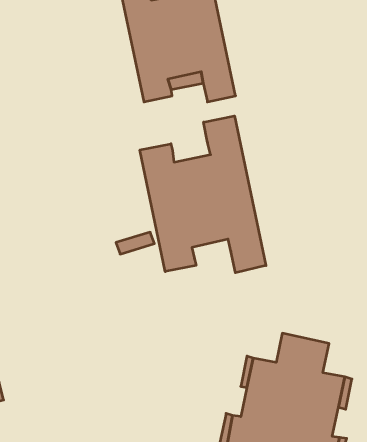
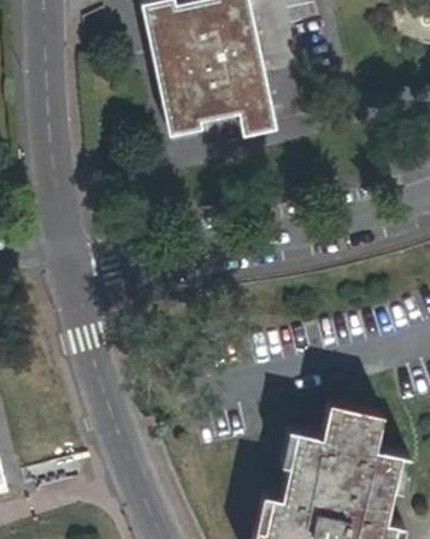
building: [140,116,266,273] -> none

